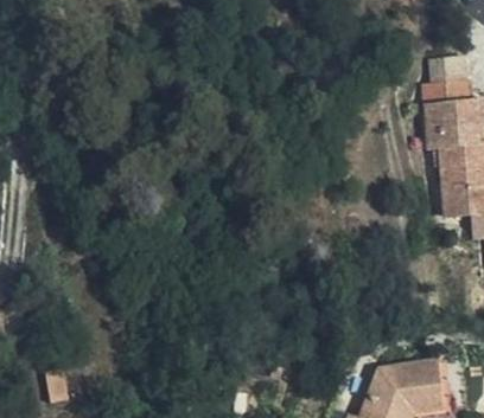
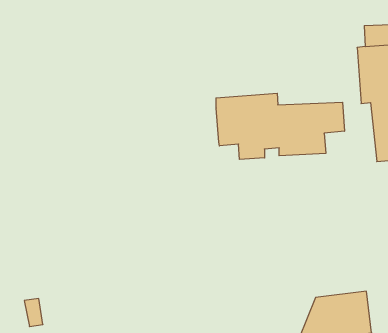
building: none -> [216,93,344,159]

